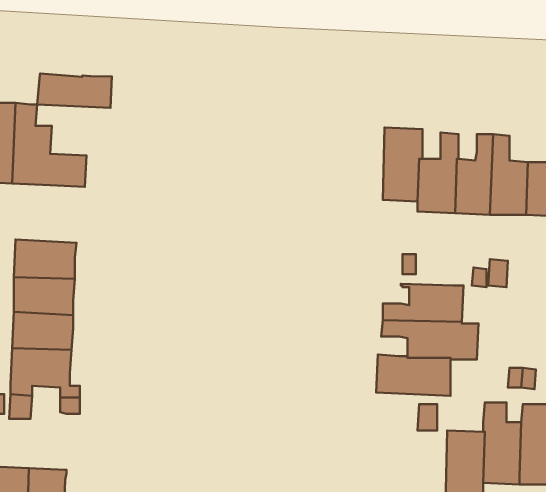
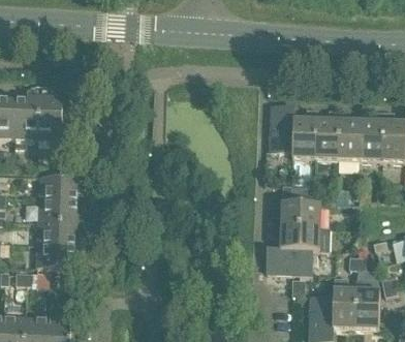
building: [37,73,112,108] -> none

